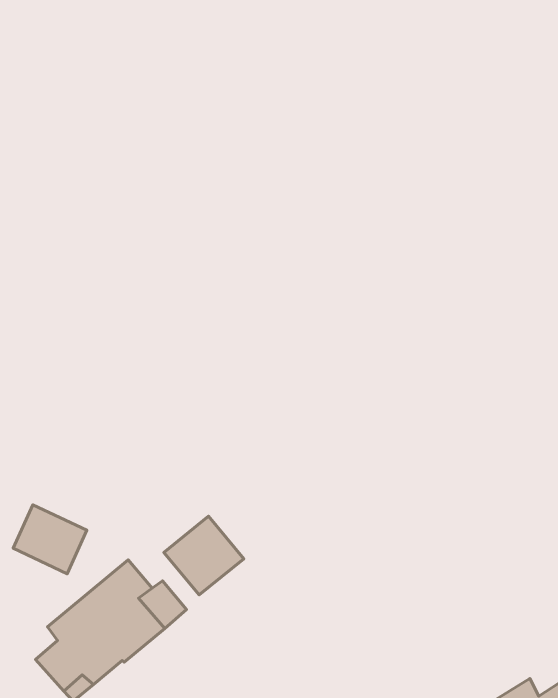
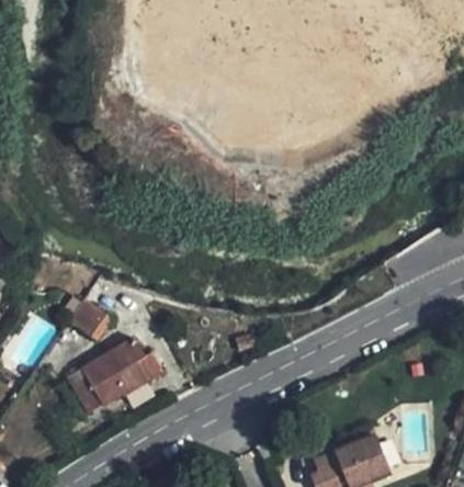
building: [164,516,244,595] -> none

